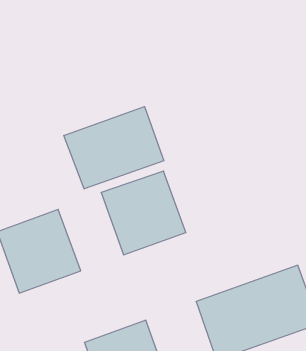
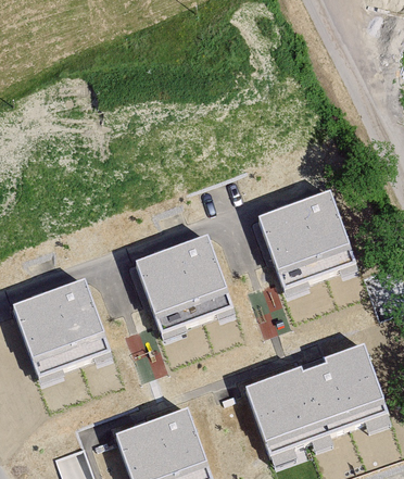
building: [64,107,164,189] -> none
building: none -> [261,192,358,291]

